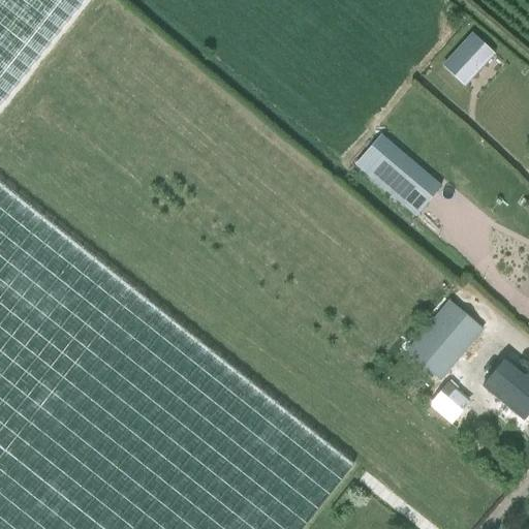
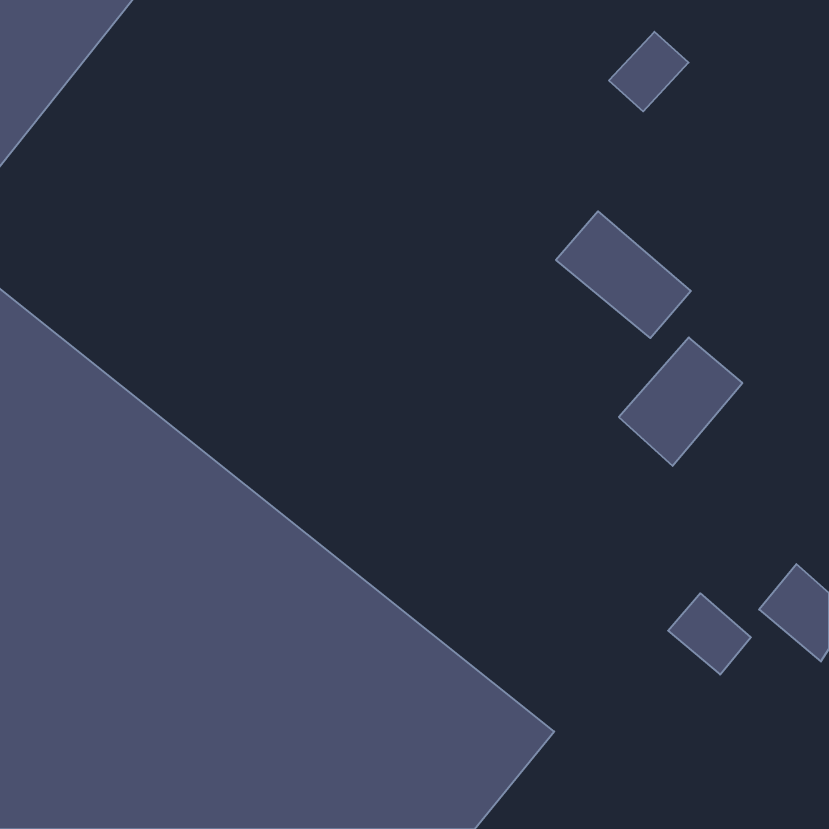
building: [442,34,493,85] -> [609,32,689,111]
building: [403,300,481,381] -> [619,337,742,466]

